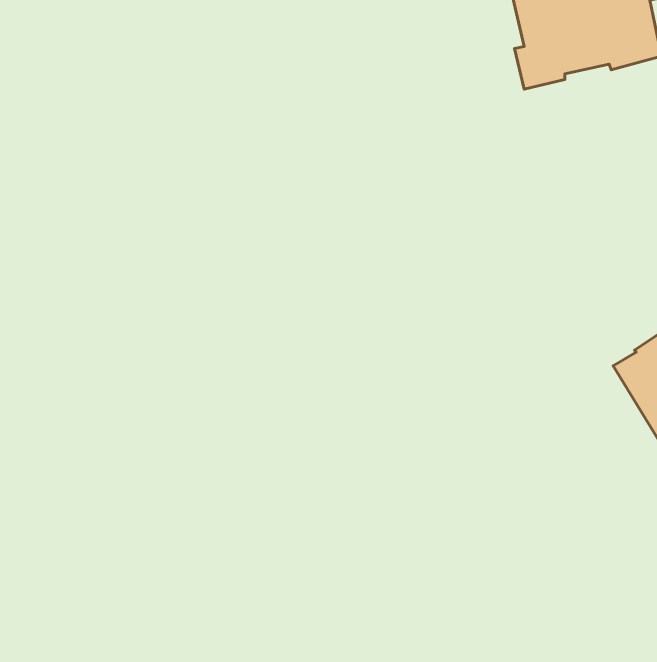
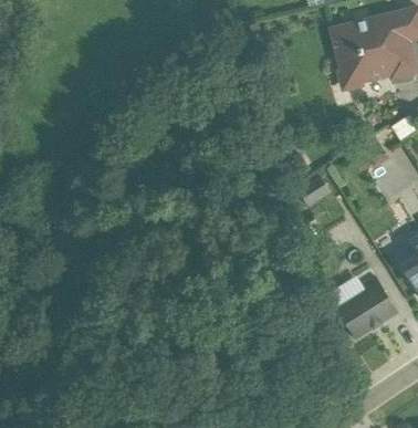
building: none -> [325,274,397,338]

